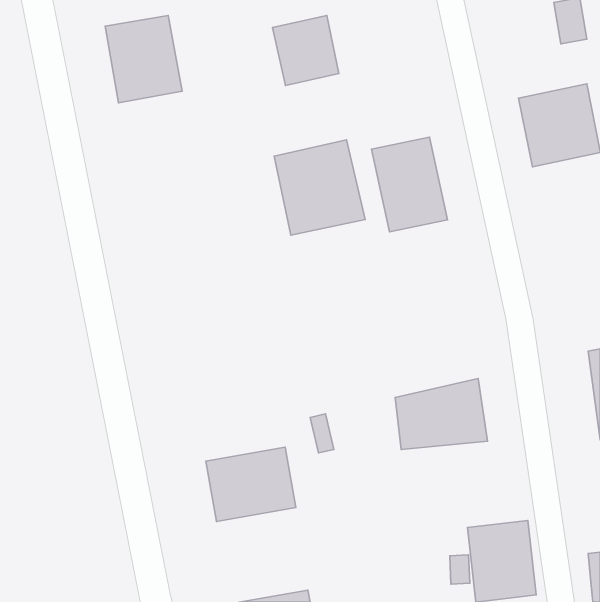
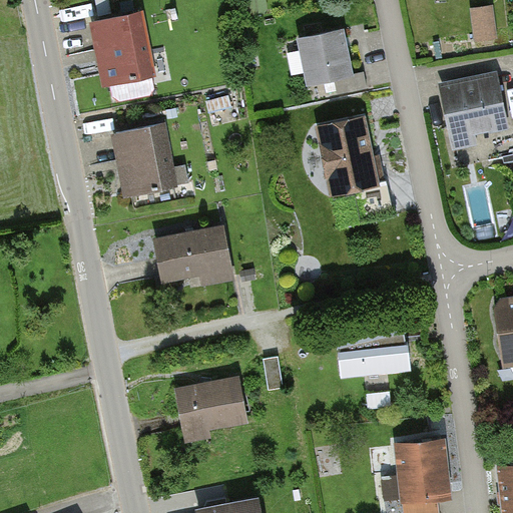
building: [273,16,339,85] -> [297,28,353,87]
building: [274,140,365,235] -> none
building: none -> [112,123,178,197]
building: none -> [156,226,233,289]

